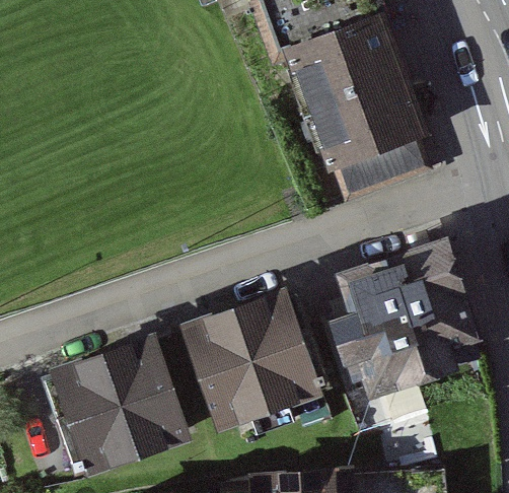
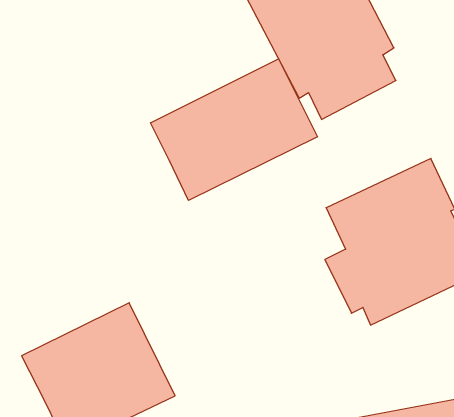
building: none -> [151,59,317,200]
building: [189,297,325,426] -> none

